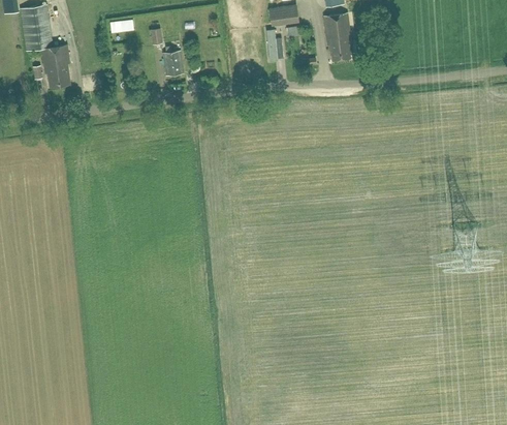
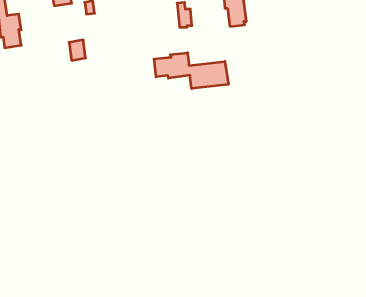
building: [162,50,183,75] -> [69,40,86,60]
building: none -> [154,53,228,89]

